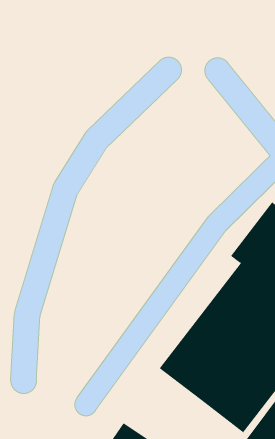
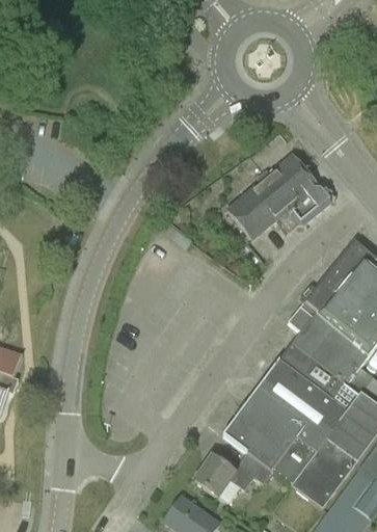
building: none -> [225,155,331,240]
building: none -> [193,452,271,498]

